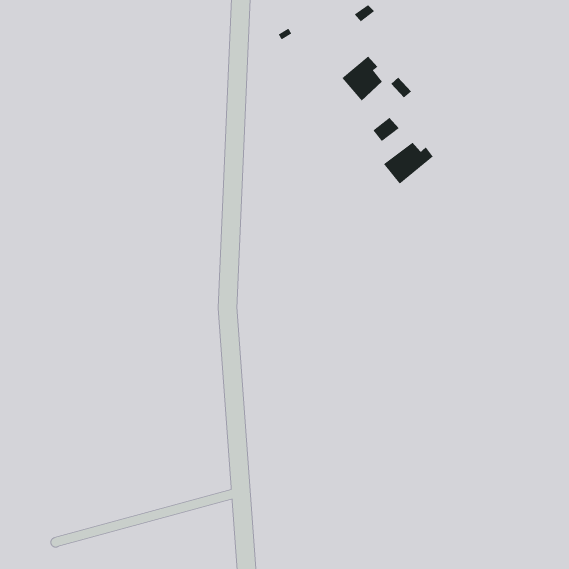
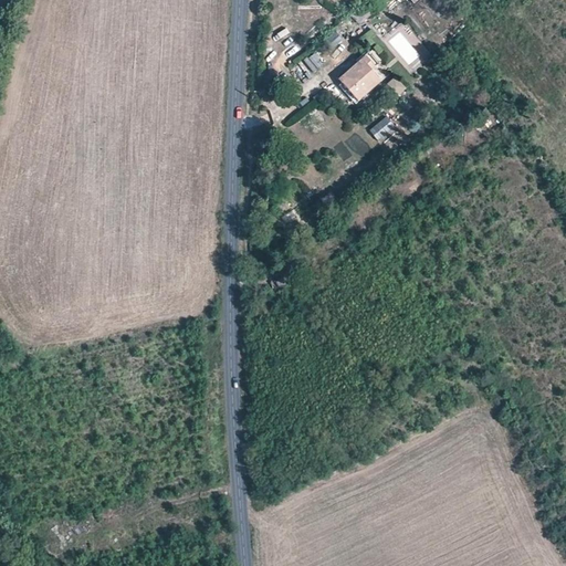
building: [383,142,434,184] -> none

